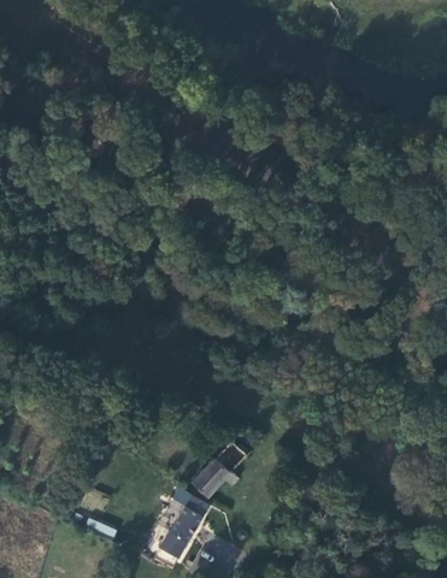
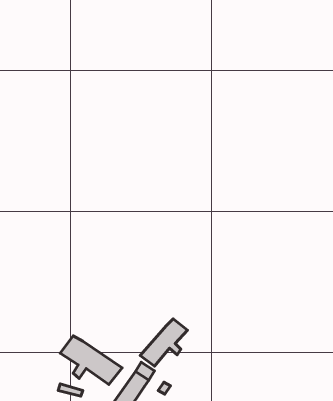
building: none -> [60,336,122,384]

